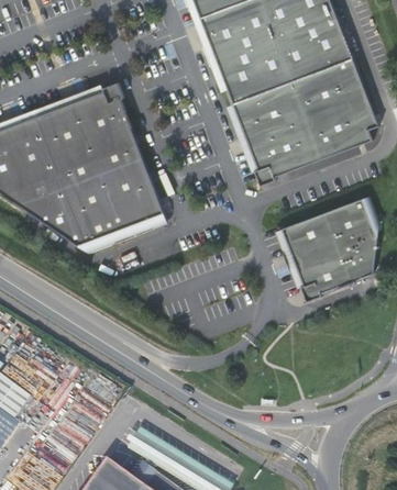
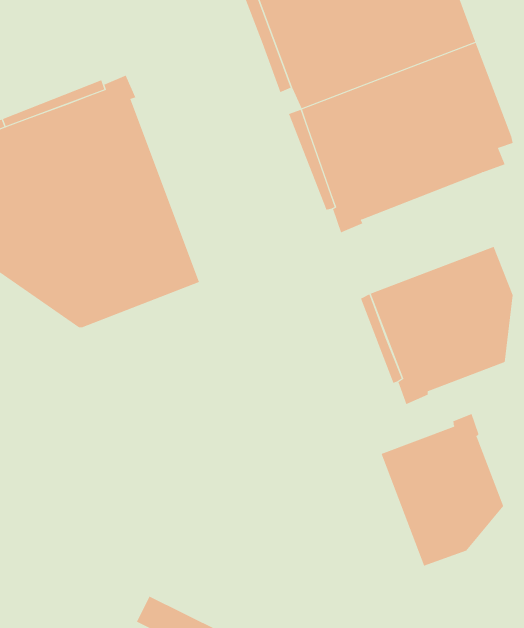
building: none -> [381,413,504,567]

